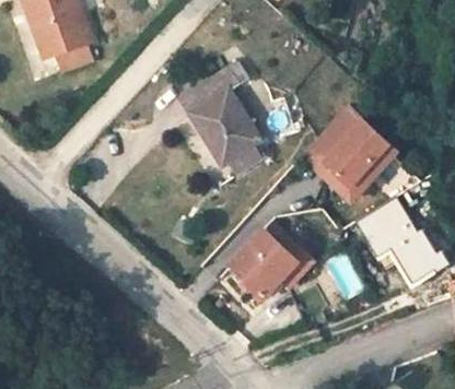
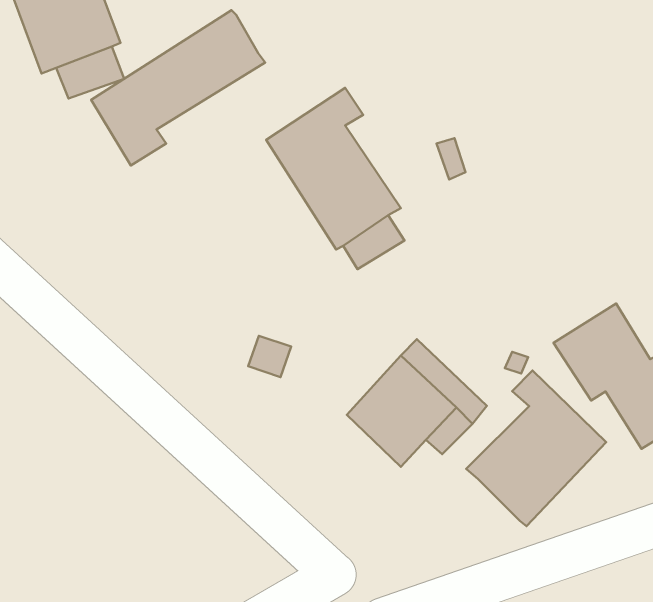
building: none -> [91,10,265,166]
building: [303,104,398,199] -> none
building: none -> [466,371,606,526]

